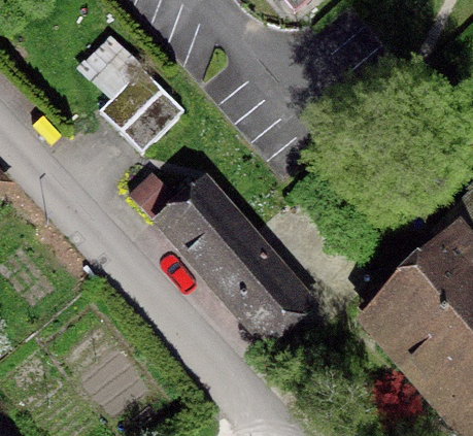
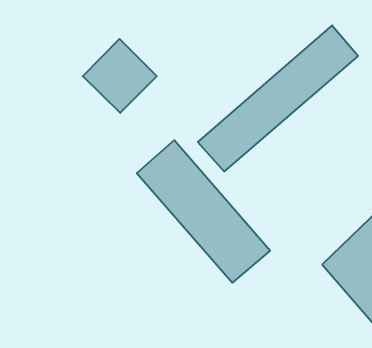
building: none -> [198,25,358,171]

